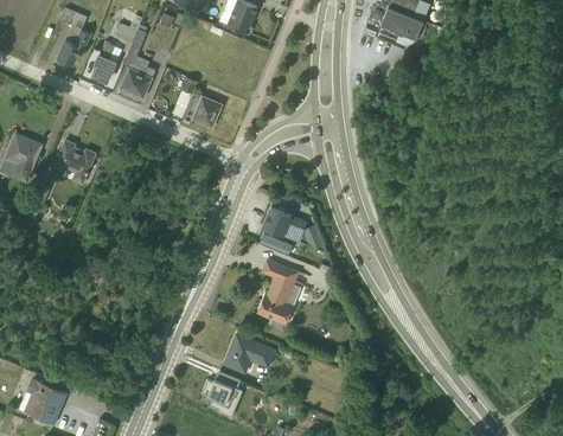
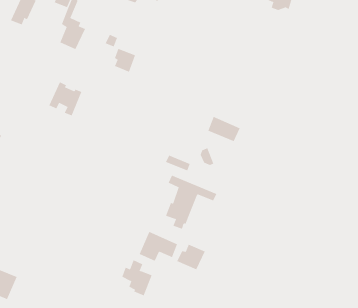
building: [92,41,121,81] -> none
building: [51,140,95,185] -> [48,82,82,116]
building: [263,207,306,241] -> [208,116,240,142]
building: none -> [177,244,205,270]

